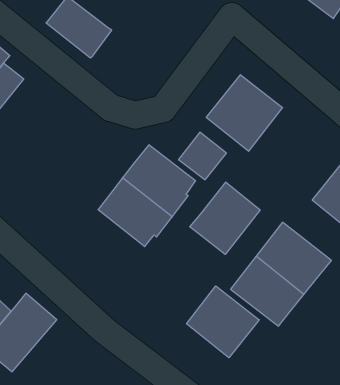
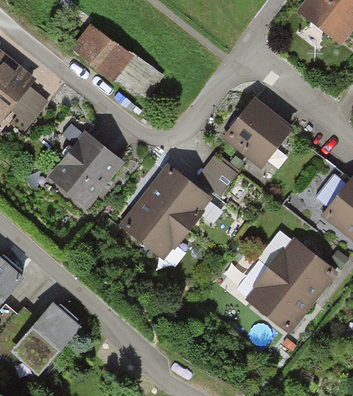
building: none -> [114,50,164,97]
building: none -> [47,130,124,208]
building: [190,182,260,254] -> none
building: [187,286,259,358] -> none

